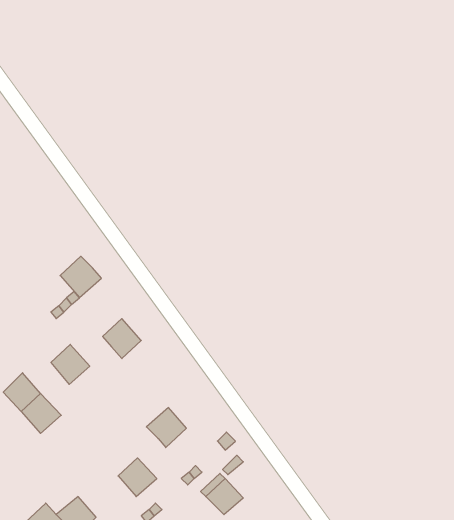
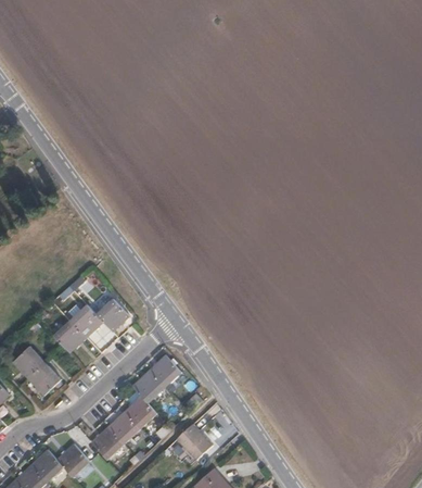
building: [60,256,101,298] -> [66,301,101,336]
building: none -> [149,355,180,388]
building: none -> [123,397,155,430]
building: none -> [90,428,122,461]

